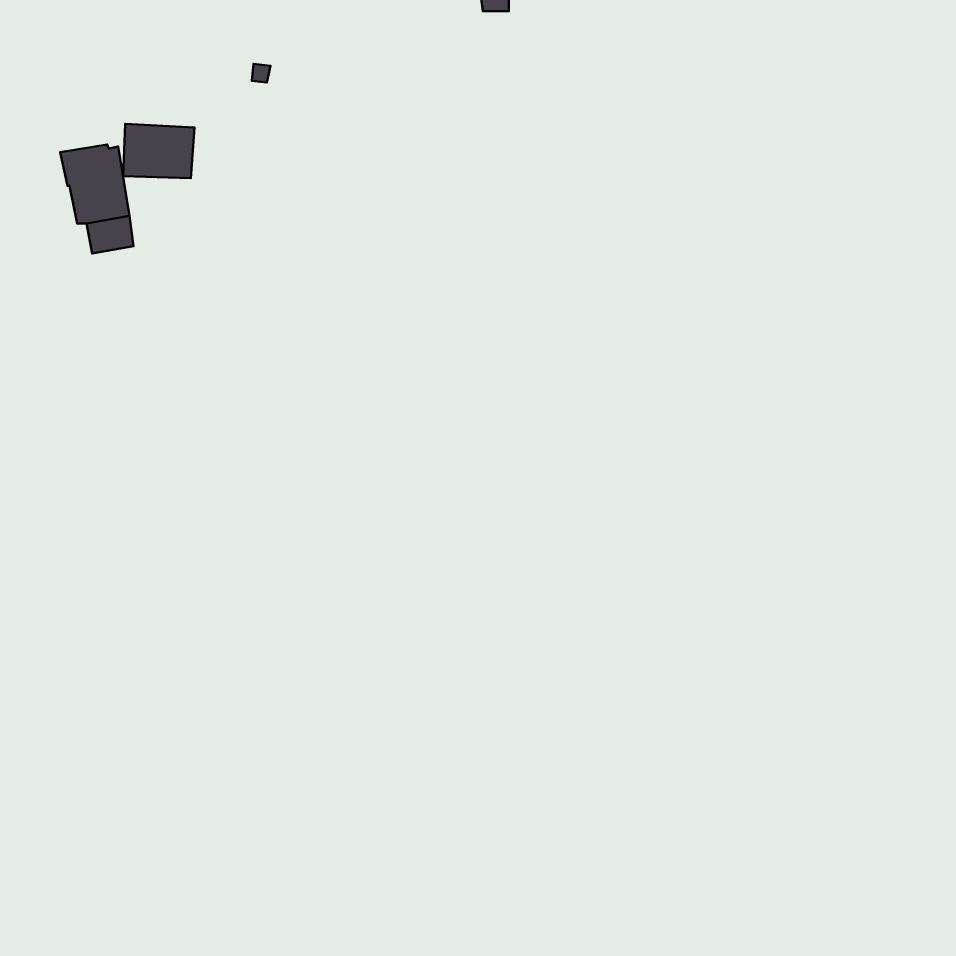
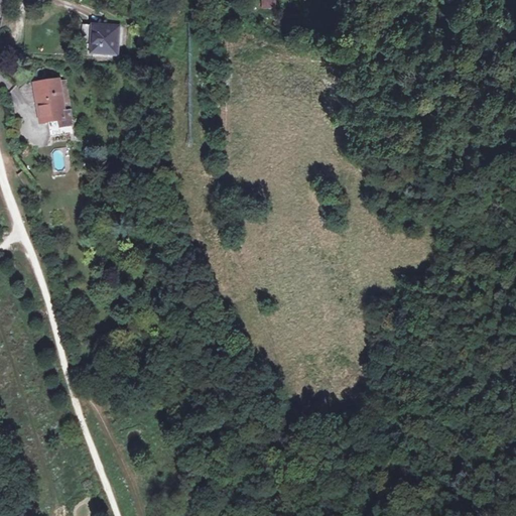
building: [123,124,195,178] -> [79,22,117,51]

